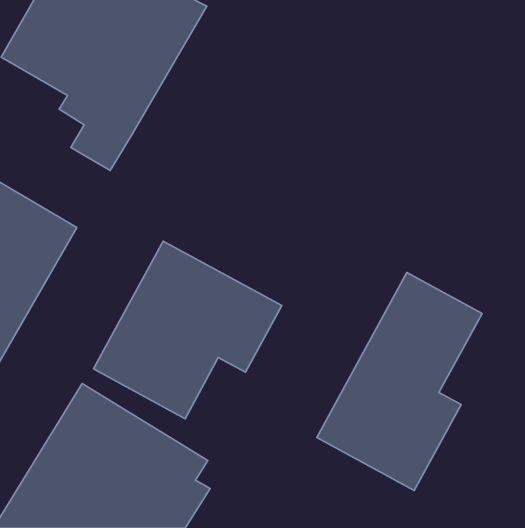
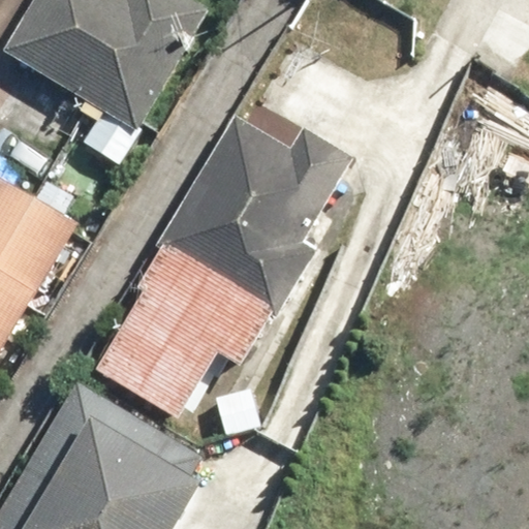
building: none -> [162,111,350,304]
building: [317,272,482,491] -> none

